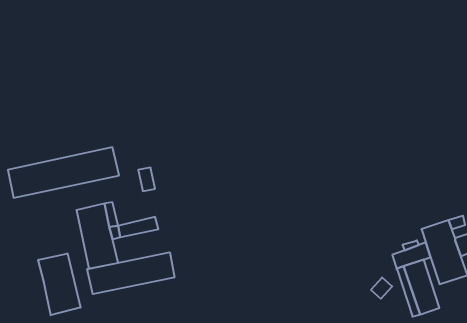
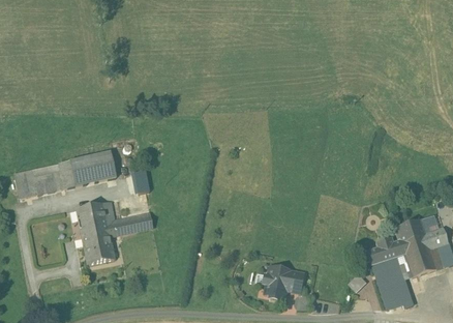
building: [87,252,174,294] -> none
building: [38,253,81,315] -> none
building: none -> [264,266,304,297]

